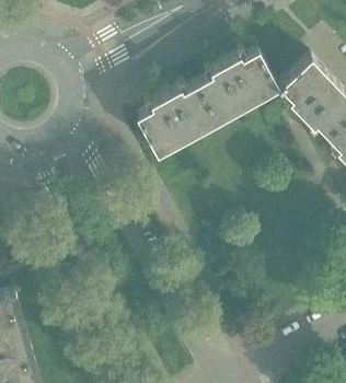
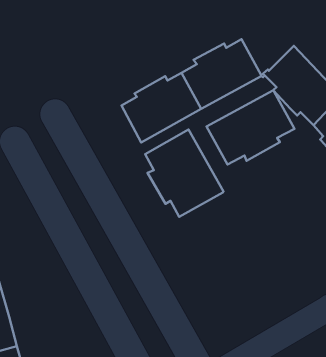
building: none -> [207,90,295,164]
building: none -> [145,130,224,217]

